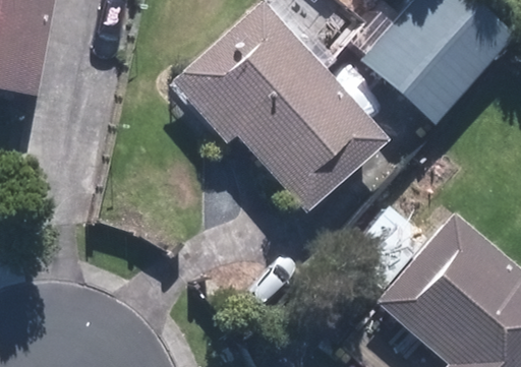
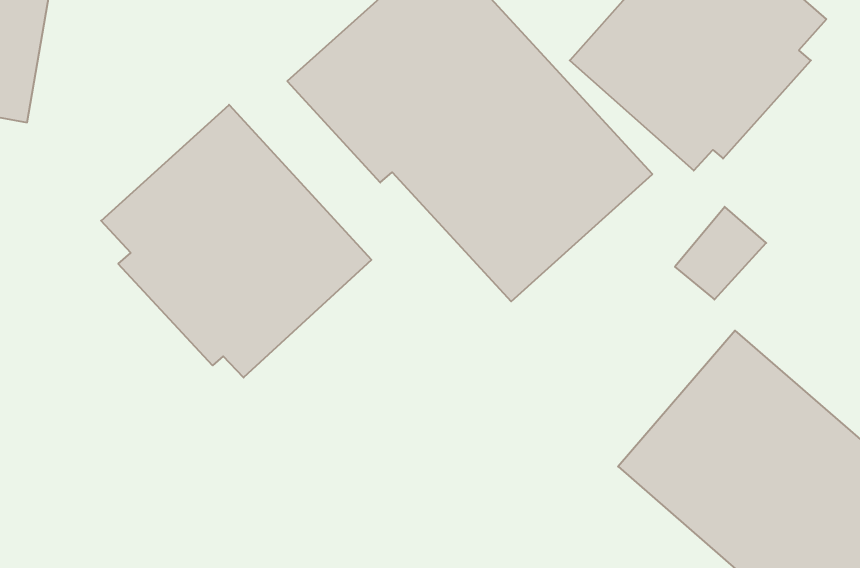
building: none -> [101,105,371,378]

